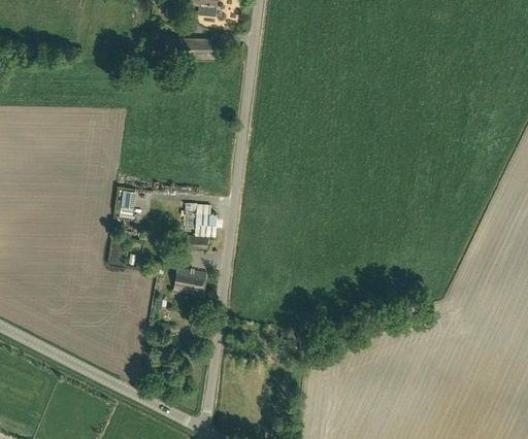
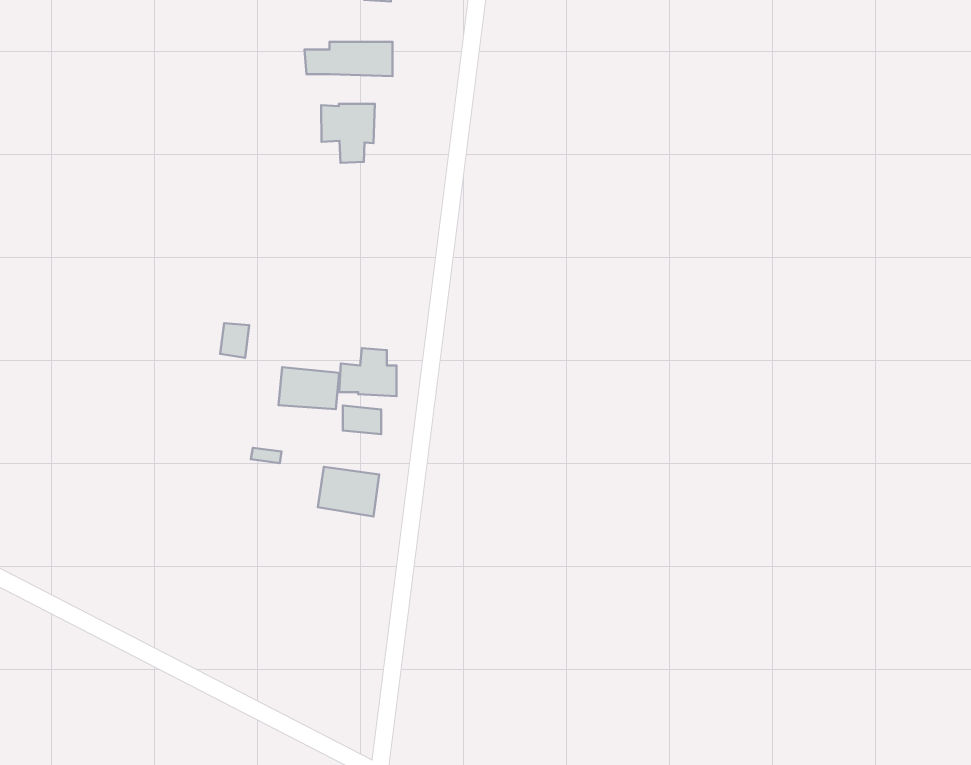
building: none -> [321,104,375,163]
building: none -> [278,367,339,409]

